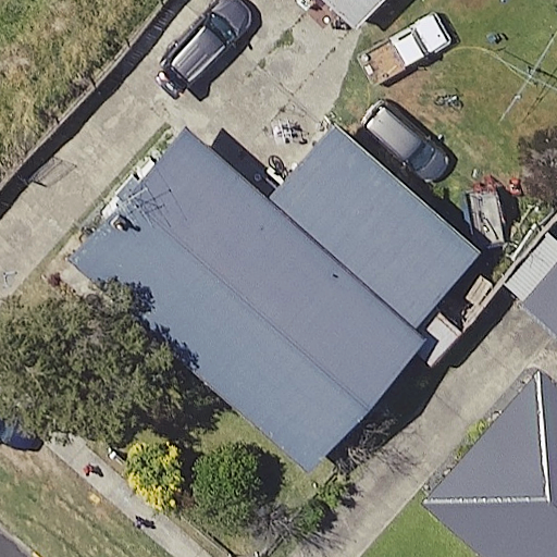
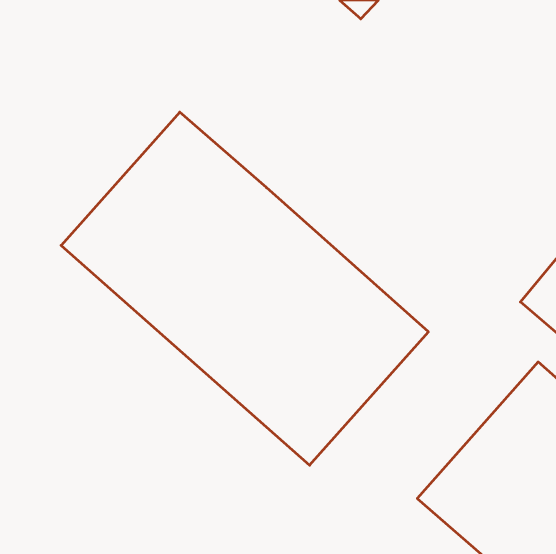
building: [276,124,491,327] -> none

